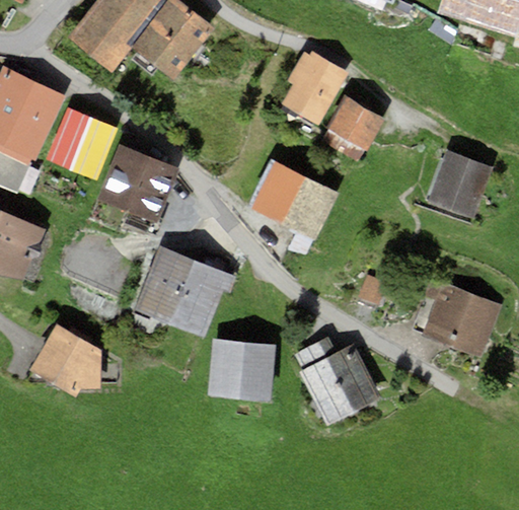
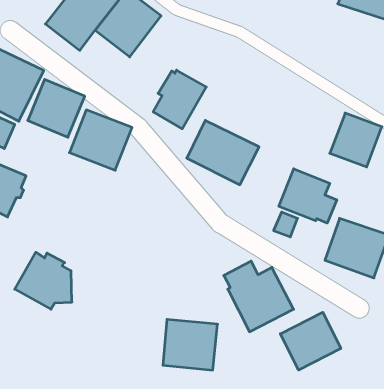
building: [281,51,348,125] -> [153,70,206,129]
building: [323,96,385,159] -> none
building: none -> [279,169,337,223]
building: [131,244,236,340] -> none
building: [207,338,276,402] -> [163,319,218,370]
building: none -> [280,312,341,370]

